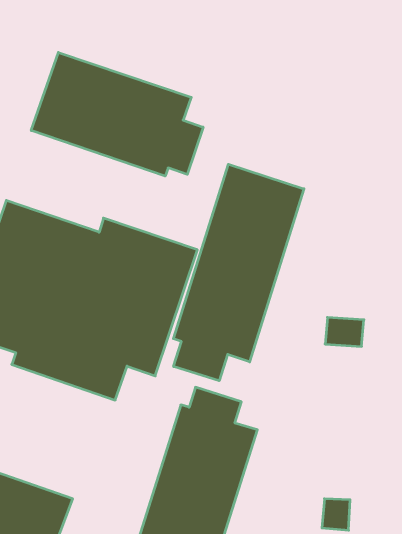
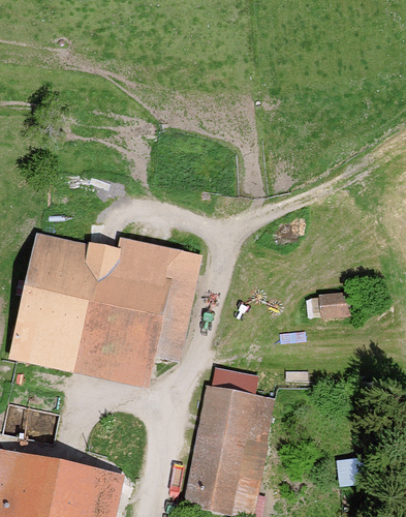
building: [31,52,203,176] -> none
building: [173,164,304,381] -> none

